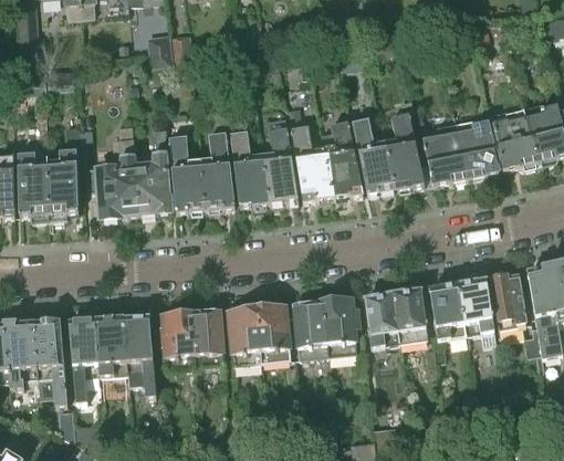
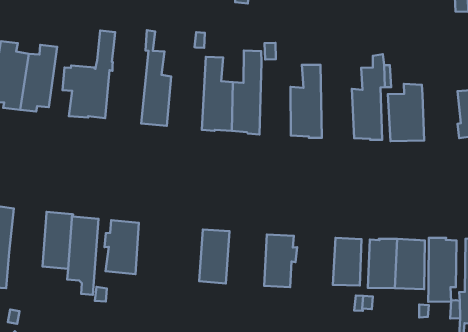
building: [351,117,395,193] -> none
building: [455,119,498,178] -> none
building: [290,124,330,201] -> none
building: [197,132,233,209] -> none
building: [133,133,169,212] -> none
building: [363,293,399,346] -> none
building: [293,302,330,358] -> none
building: [228,308,262,364] -> none
building: [190,312,222,366] -> none
building: [69,319,100,400] -> none

